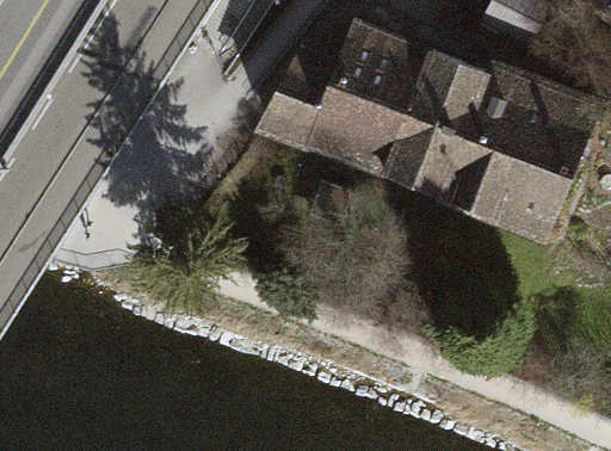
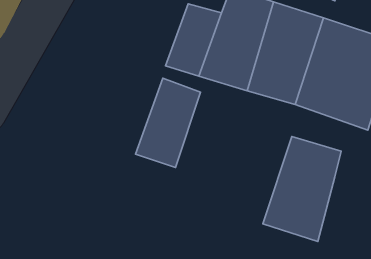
building: none -> [136,78,201,167]
building: none -> [263,136,341,242]

